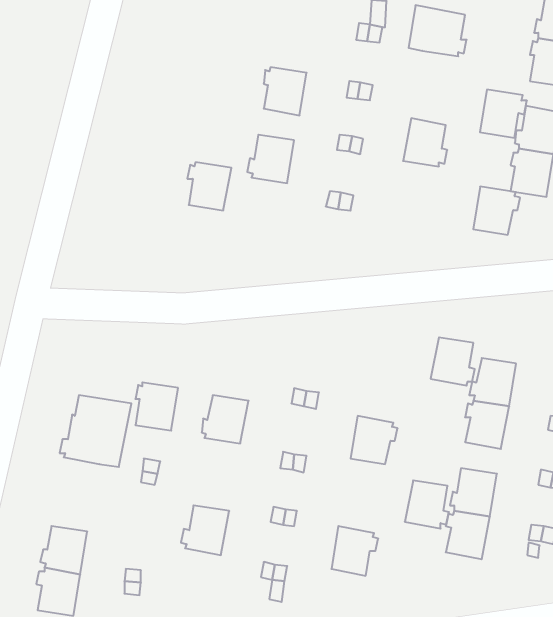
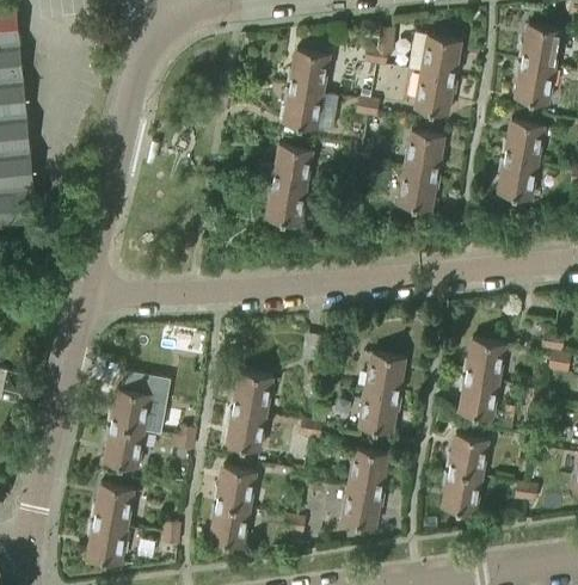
building: none -> [287,51,327,93]
building: [480,90,527,138] -> [416,74,456,116]
building: [187,162,231,210] -> [266,184,305,226]
building: [473,187,520,235] -> [399,170,439,211]
building: [431,337,475,386] -> [365,355,404,396]
building: [135,382,178,431] -> [227,410,264,451]
building: none -> [104,426,142,468]
building: [405,480,449,529] -> [349,450,387,492]
building: none -> [210,505,247,547]

